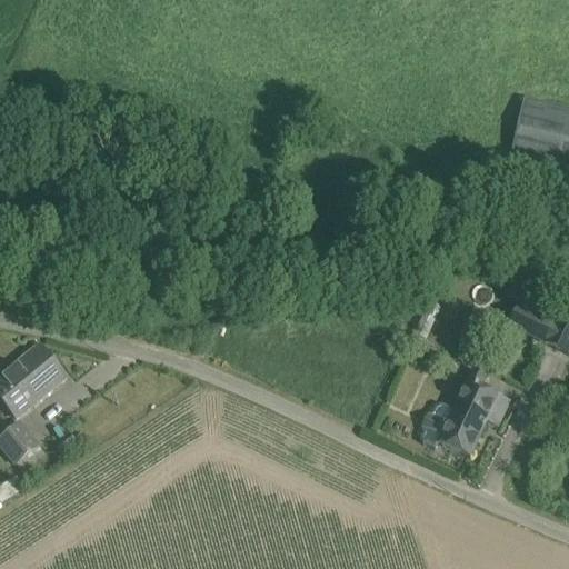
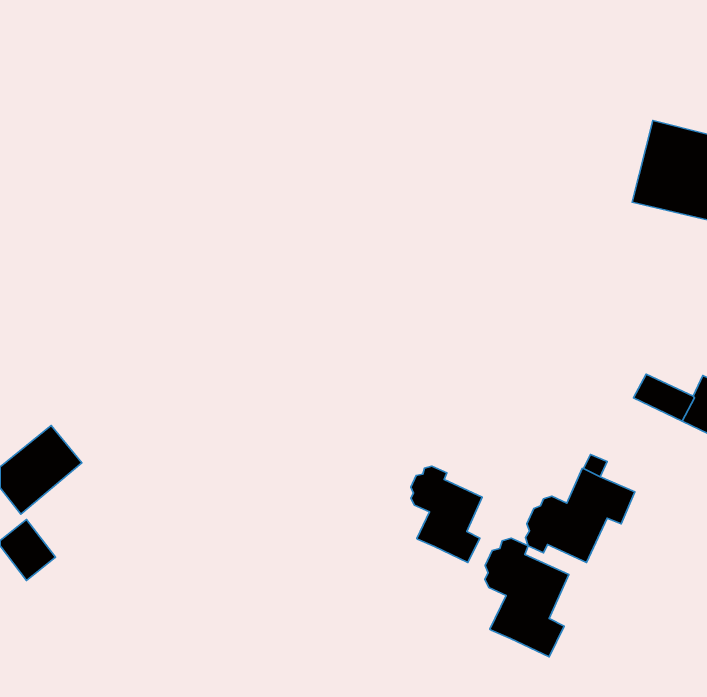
building: none -> [411,466,482,562]
building: none -> [485,538,569,657]

